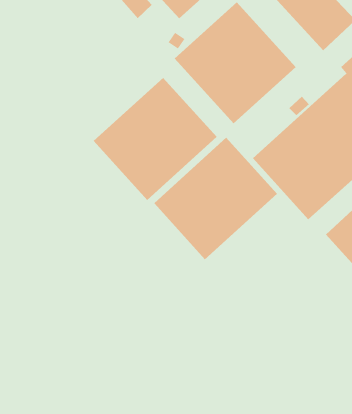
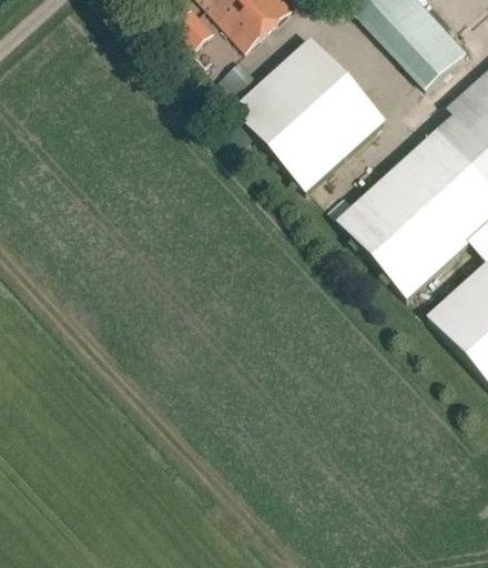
building: [93,77,217,201] -> none
building: [153,137,278,260] -> none

